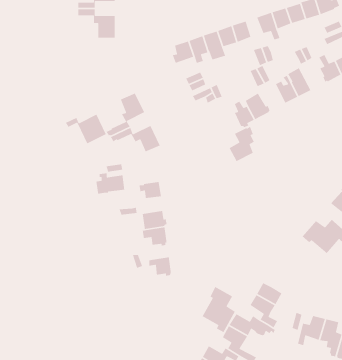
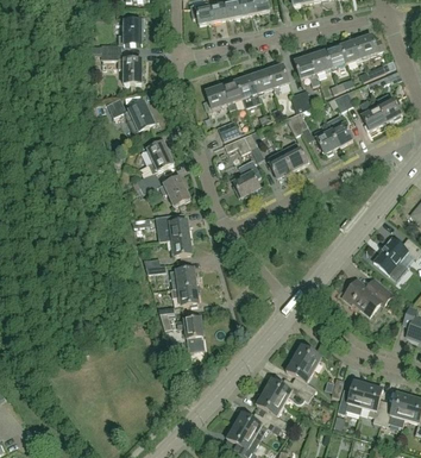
building: [65,114,107,145] -> [109,100,155,133]
building: [228,126,255,162] -> [232,157,260,196]
building: [95,172,125,195] -> [157,217,189,240]
building: [201,286,236,333] -> none

